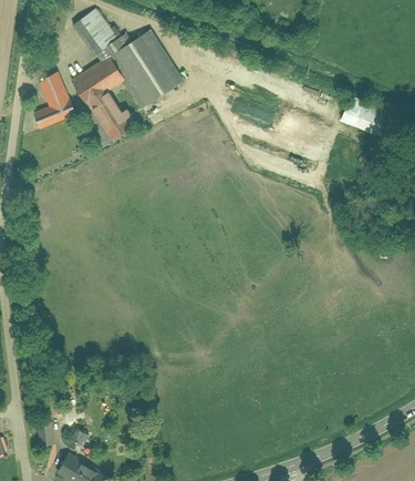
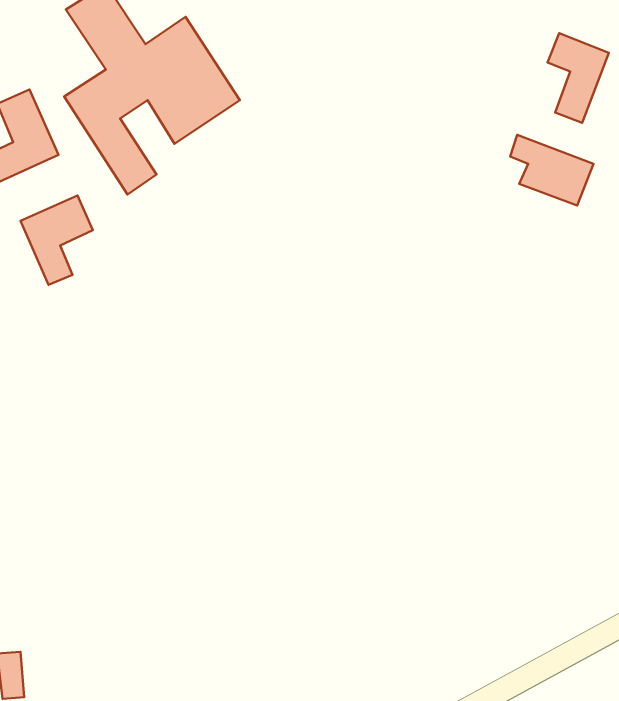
building: none -> [547,33,609,123]
building: none -> [21,196,93,285]

